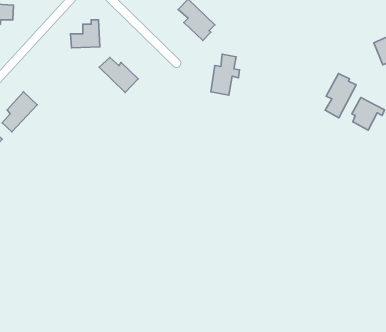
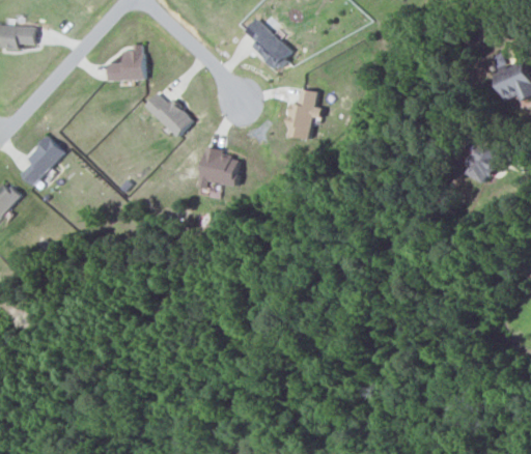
building: [325,73,356,118] -> none
building: none -> [199,146,241,189]

